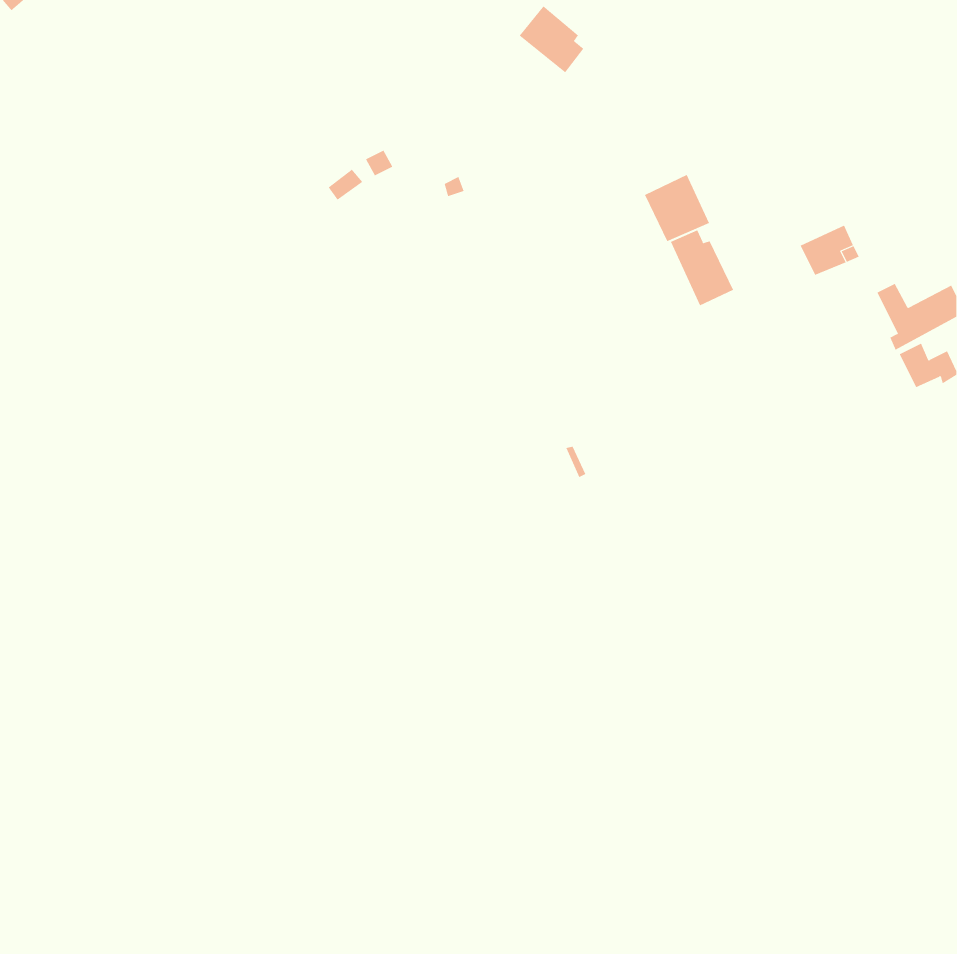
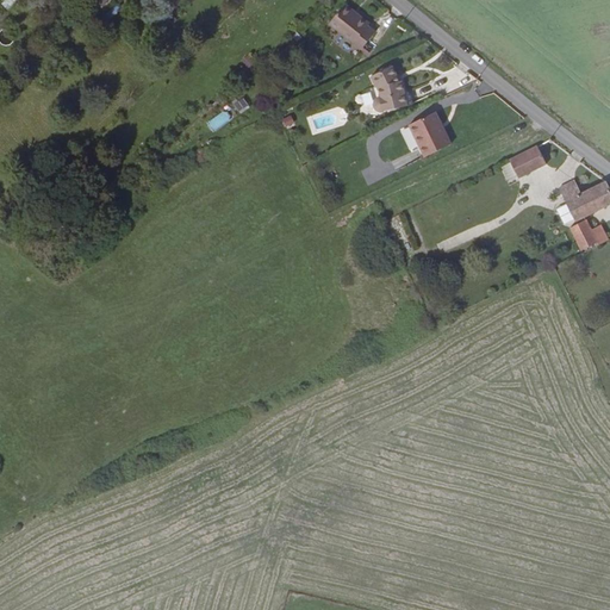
building: none -> [372,67,411,112]
building: [670,230,734,306] -> none

